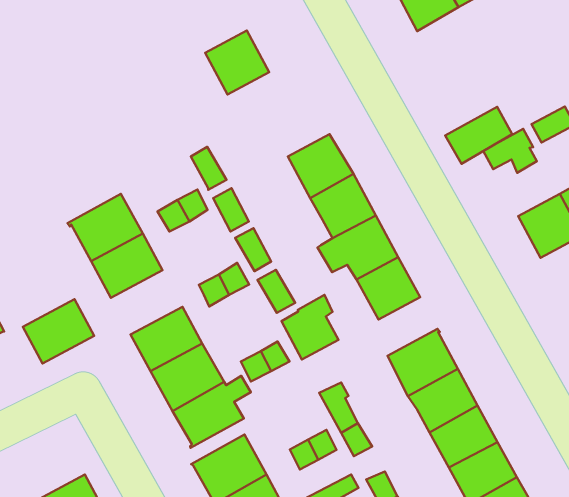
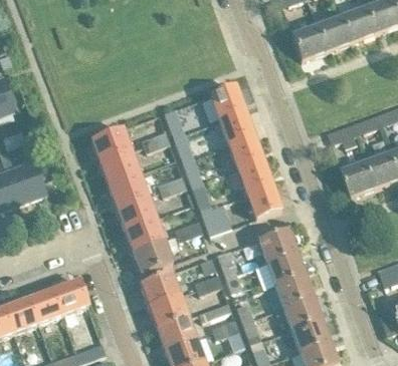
building: [205,30,269,95] -> [210,85,244,119]
building: [445,107,512,164] -> none
building: [23,299,94,363] -> [109,172,148,206]

